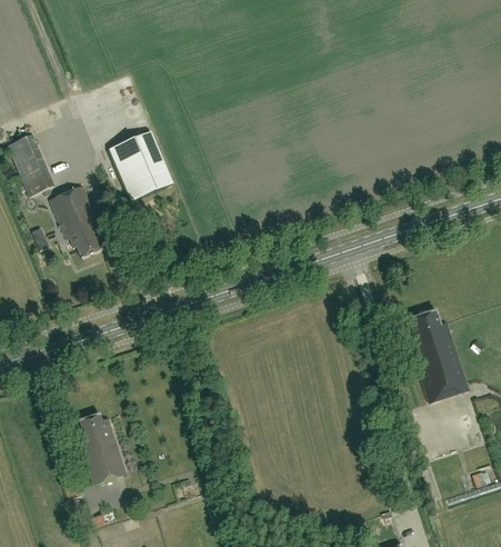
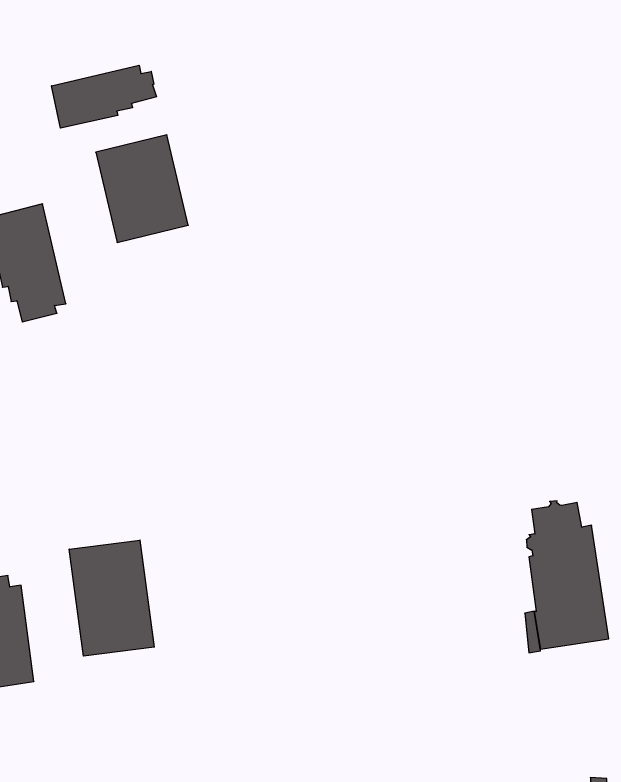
building: none -> [52,65,157,128]
building: none -> [69,540,154,656]

